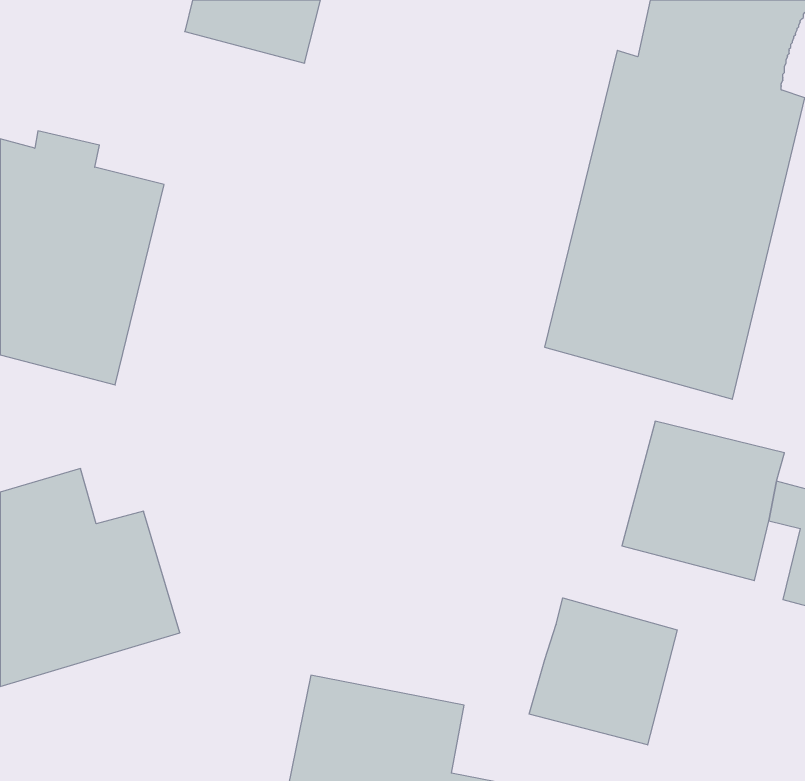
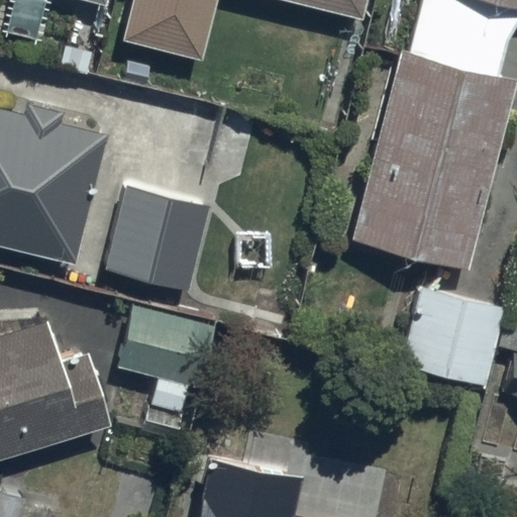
building: none -> [104,185,207,289]
building: none -> [115,306,224,417]
building: [529,598,677,745] -> none

